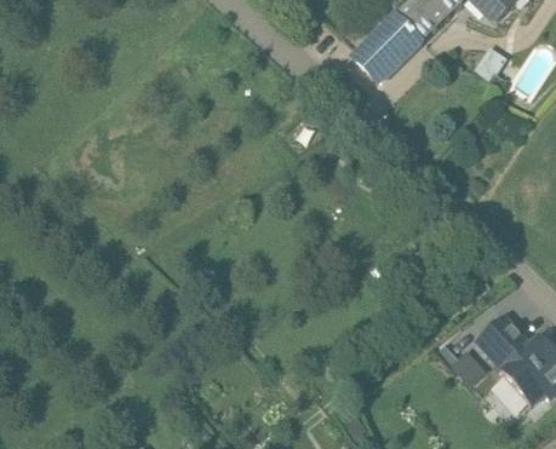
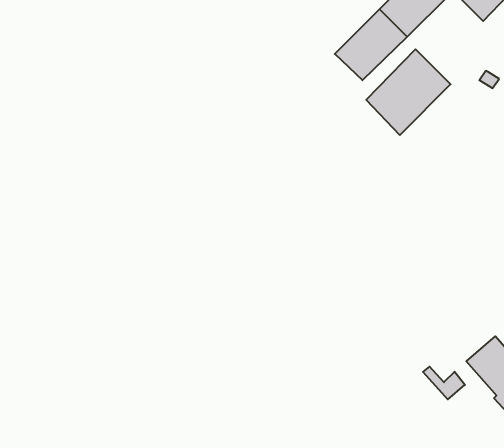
building: none -> [366,49,451,135]

